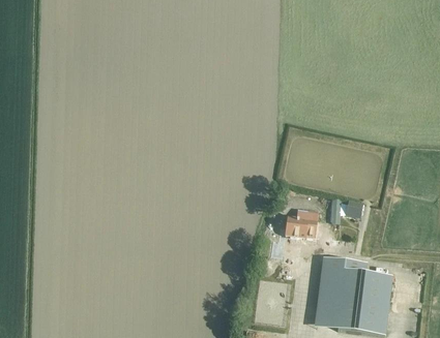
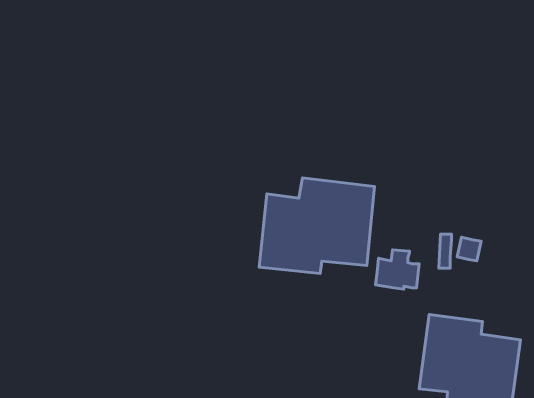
building: none -> [259,178,374,274]

